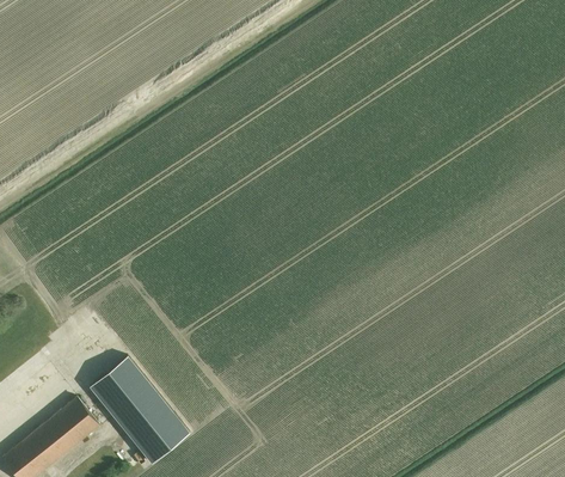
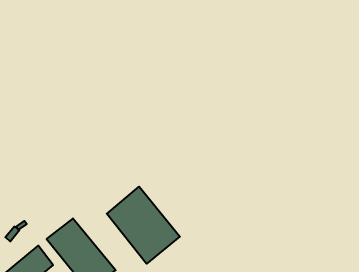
building: none -> [107,187,180,264]

